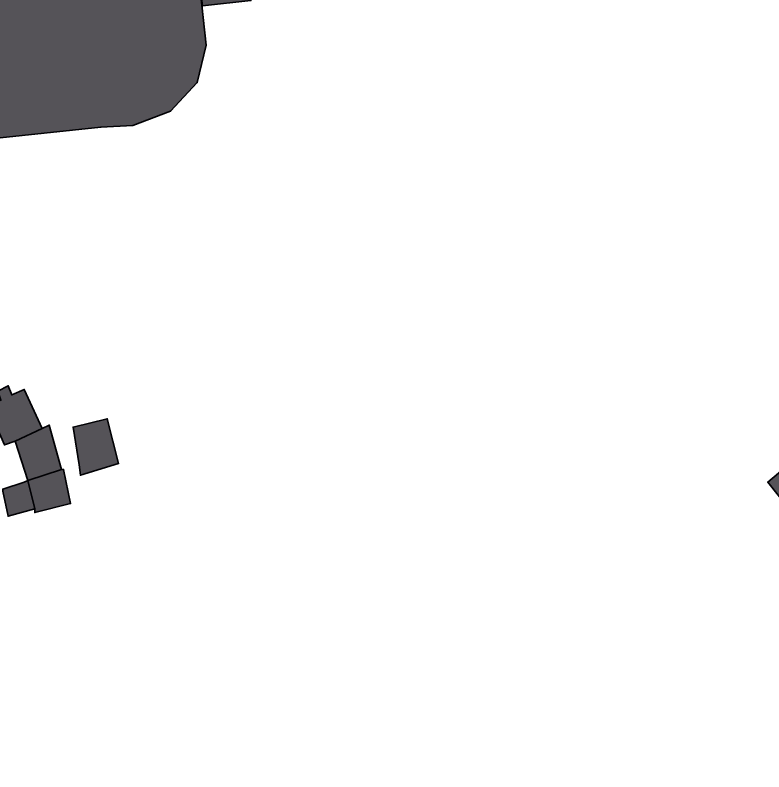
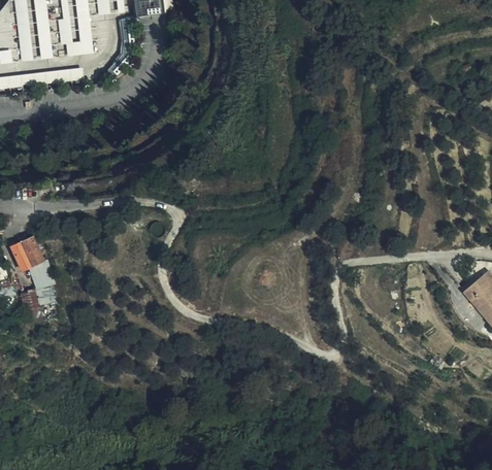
building: [73,419,118,475] -> none

